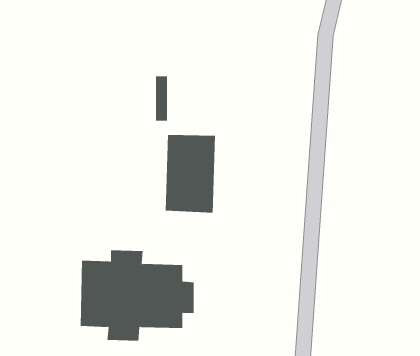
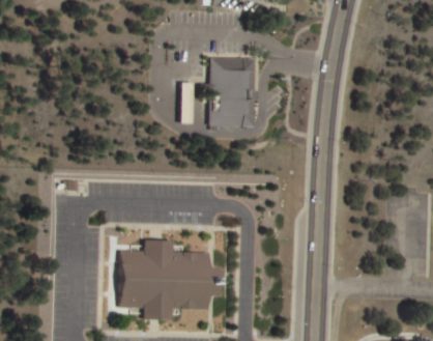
building: [165,134,216,213] -> [210,56,256,126]

